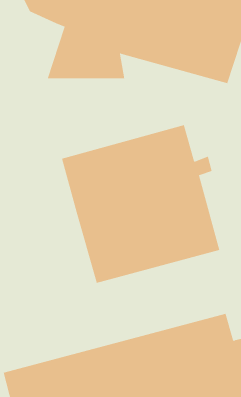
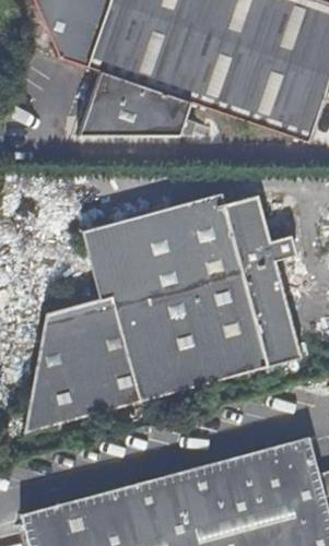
building: none -> [22,307,141,430]

